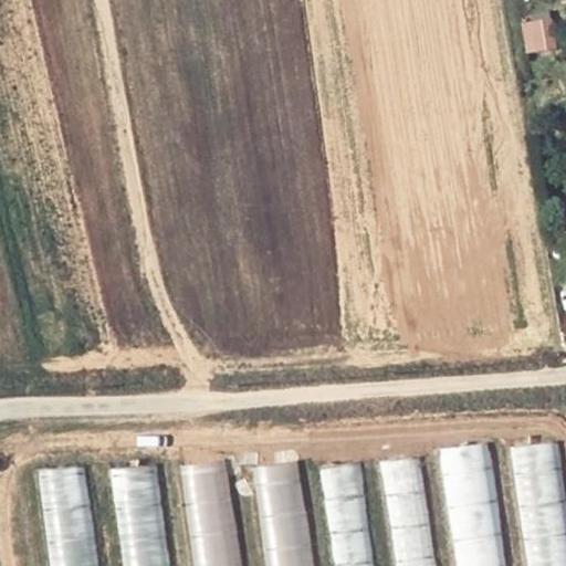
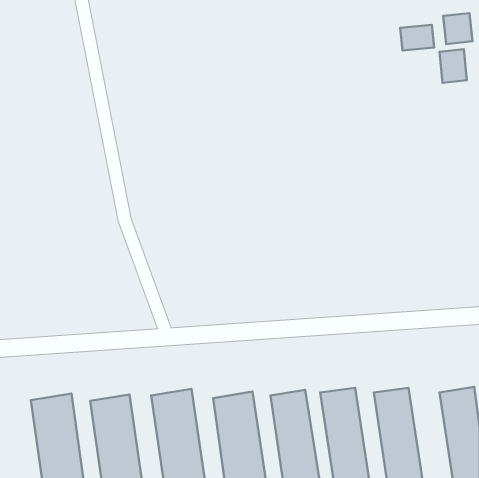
building: none -> [400,25,434,50]
building: none -> [439,49,467,83]

